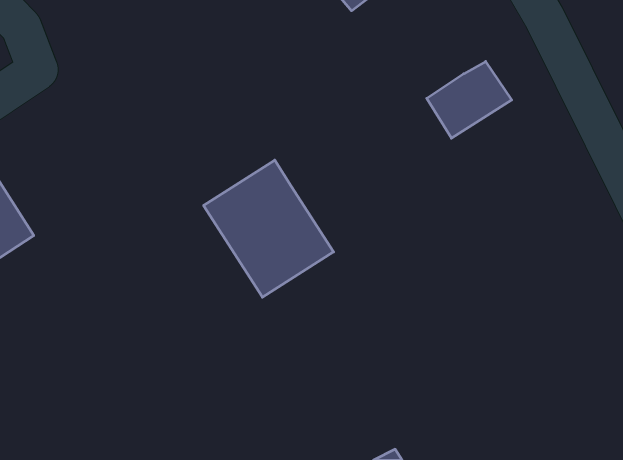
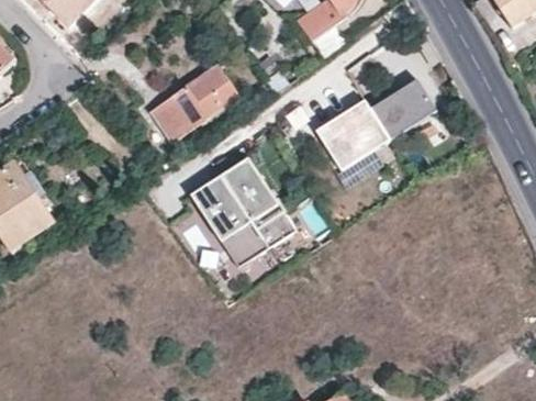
building: none -> [153,64,241,134]
building: none -> [317,101,390,170]

